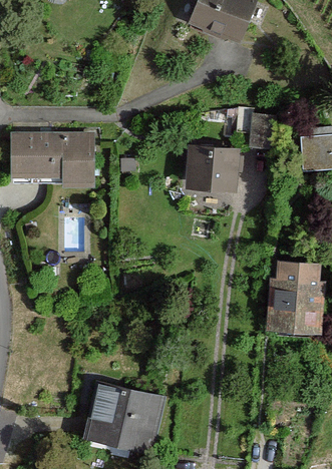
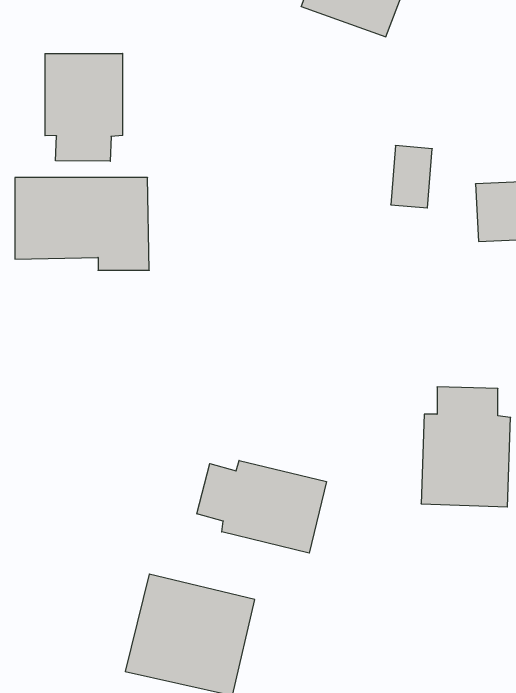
building: none -> [45,53,123,161]
building: [185,144,243,195] -> none
building: none -> [197,460,326,553]

